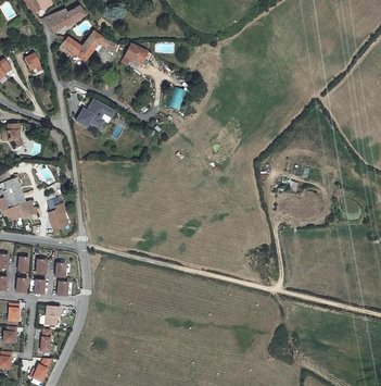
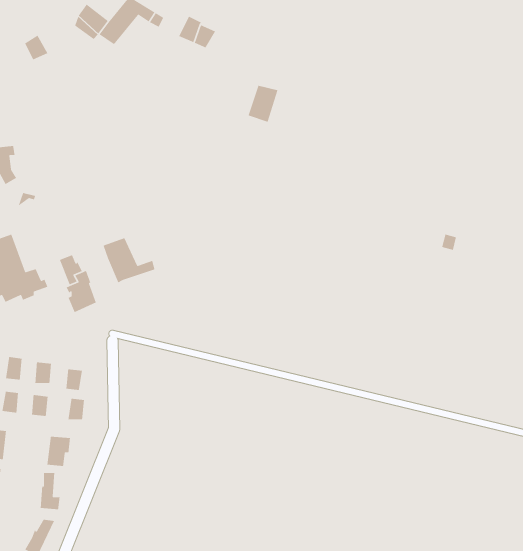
building: [73,103,105,130] -> none
building: none -> [102,237,155,283]

